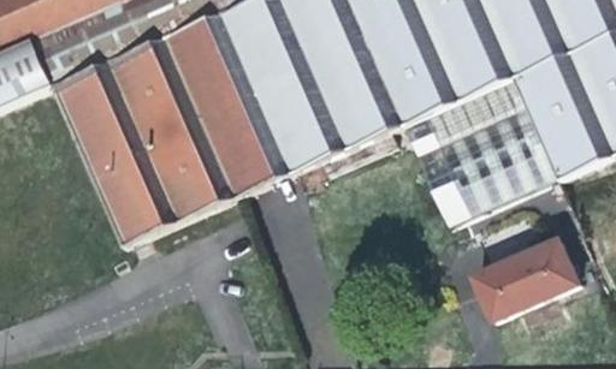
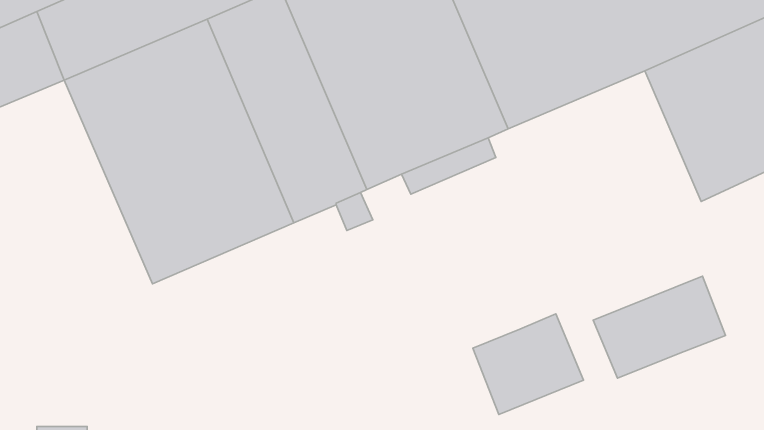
building: [407,77,559,226] -> none
building: none -> [473,314,583,414]

